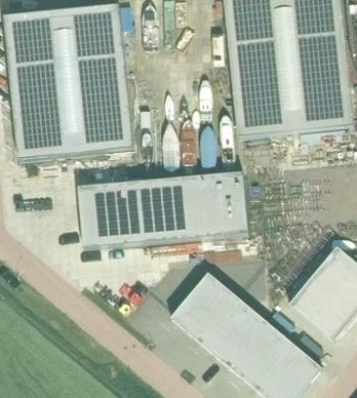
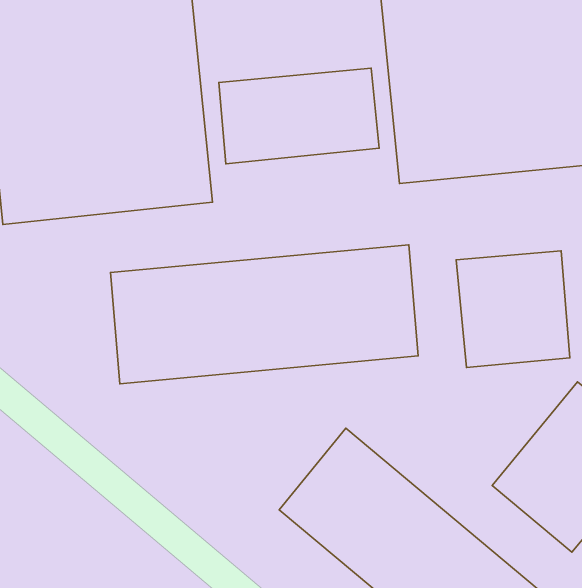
building: none -> [219,68,379,164]
building: none -> [456,251,570,367]

